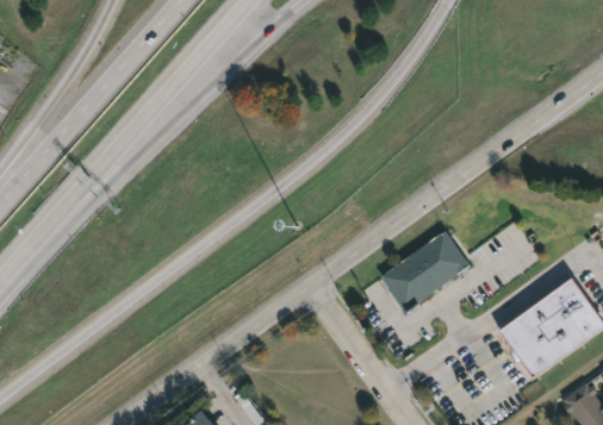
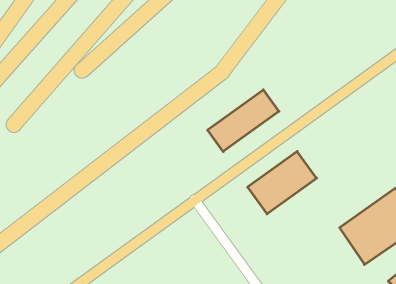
building: none -> [208,90,279,152]

